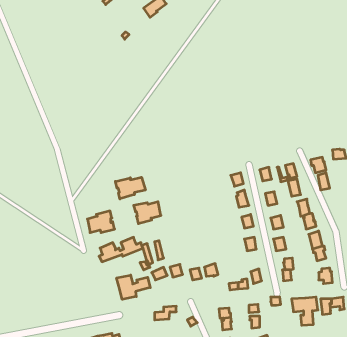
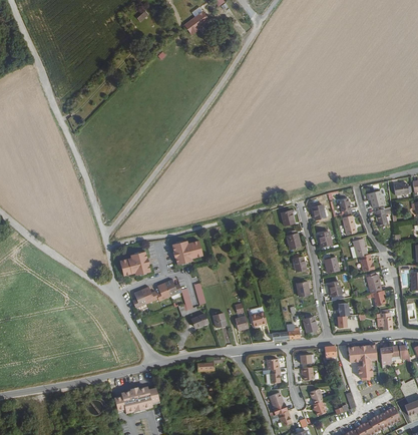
building: [115,177,145,199] -> none
building: [117,275,150,299] -> none

